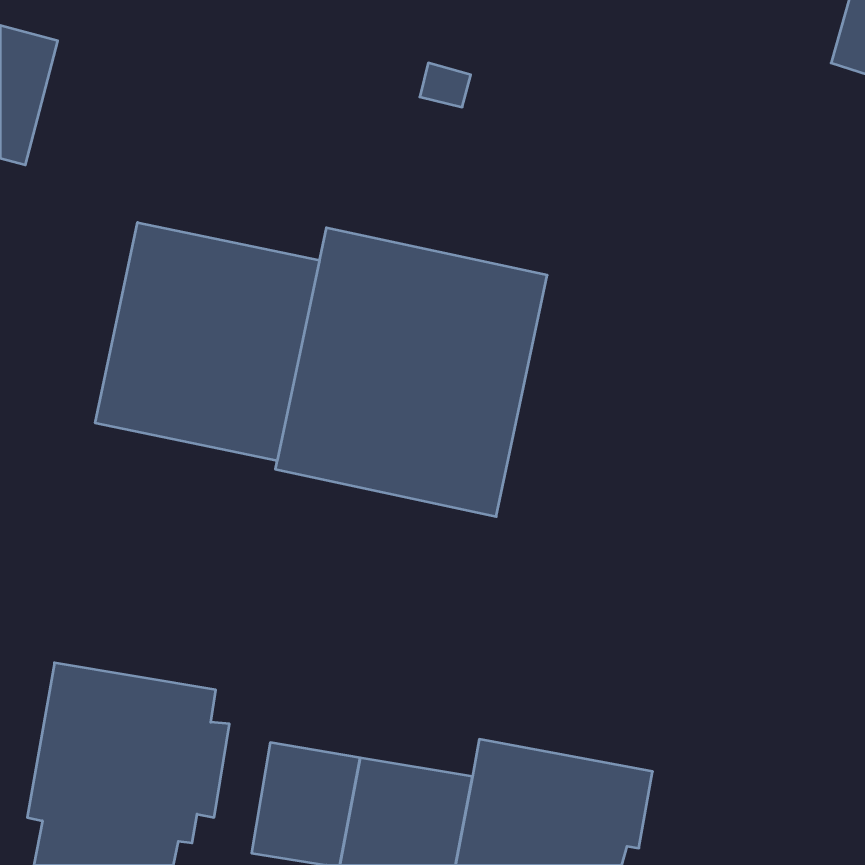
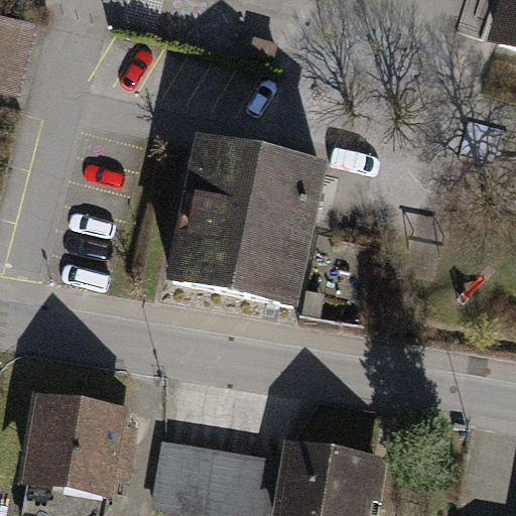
building: [95,222,319,461] -> none

